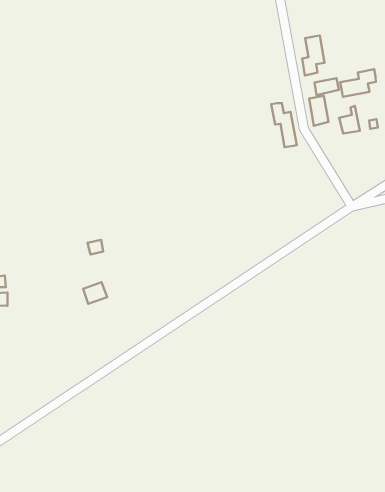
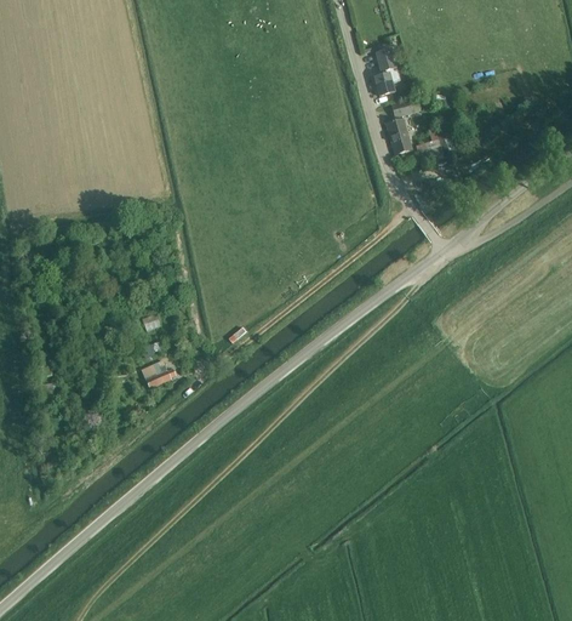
building: [340,69,376,97] -> none
building: [271,103,297,147] -> none

